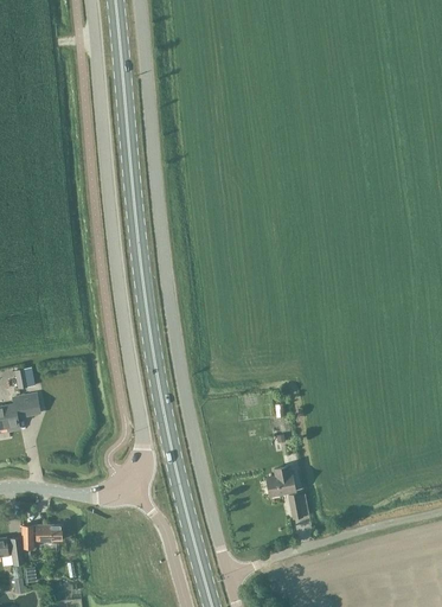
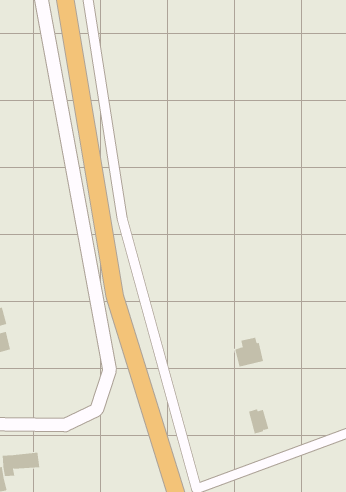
building: [267,466,297,497] -> [234,337,264,367]

